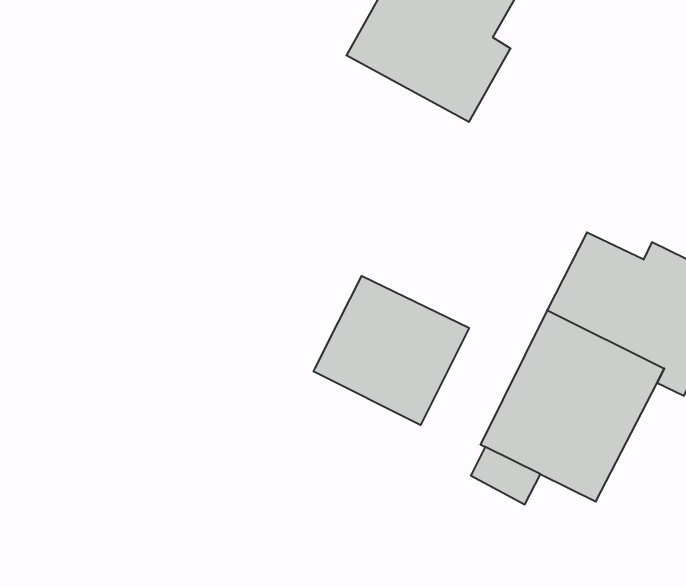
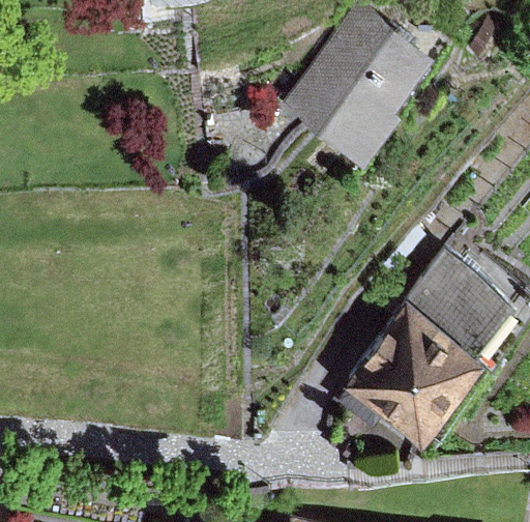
building: [314,276,469,425] -> none

